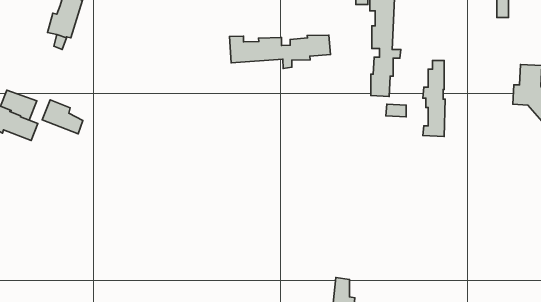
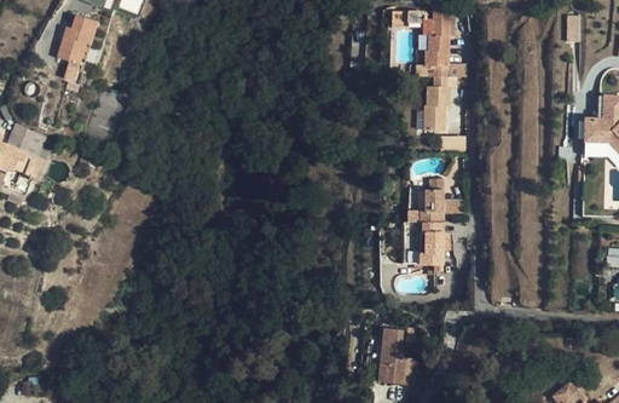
building: [229,35,331,68] -> none
building: [423,61,445,137] -> [418,179,444,265]
building: [42,100,83,134] -> none

